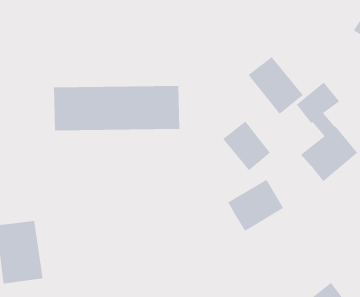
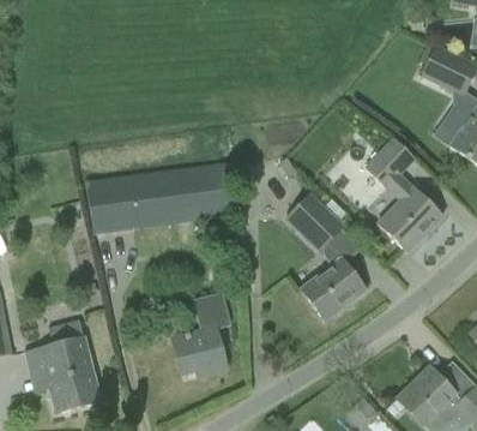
building: [248,56,304,115] -> none
building: none -> [173,291,231,376]

